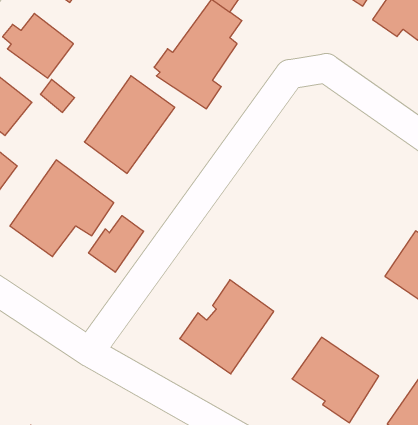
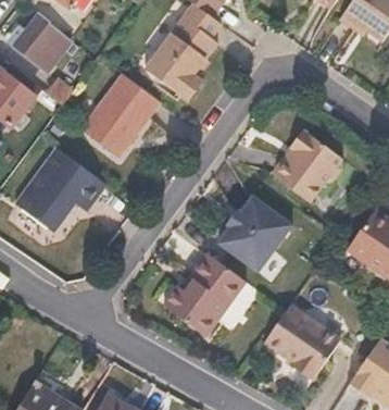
building: none -> [276,132,343,202]
building: none -> [219,195,297,273]
building: [89,216,144,272] -> none

